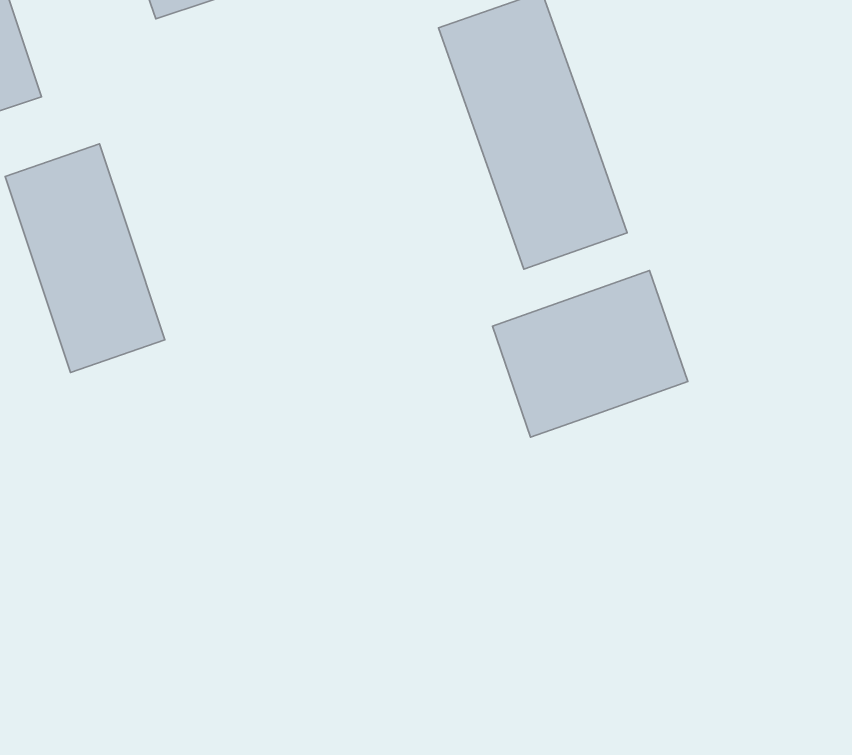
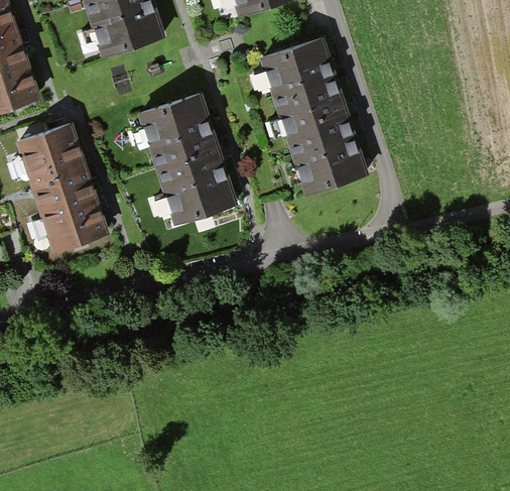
building: none -> [134,95,237,225]
building: [492,271,688,437] -> none

